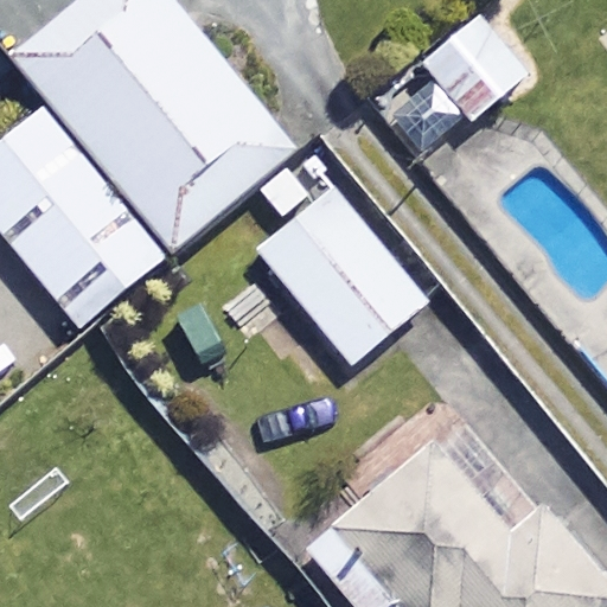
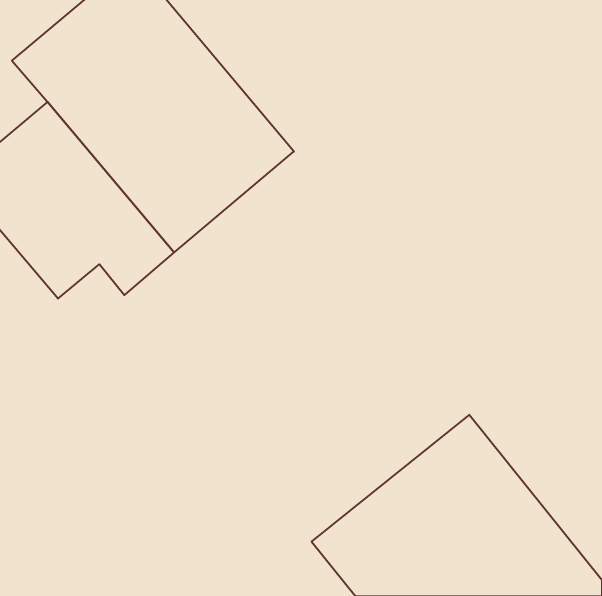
building: [379,19,524,153] -> none
building: [254,186,424,365] -> none

